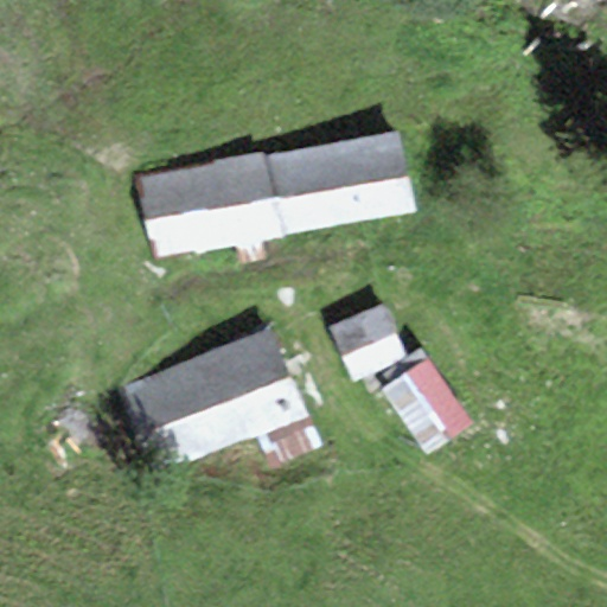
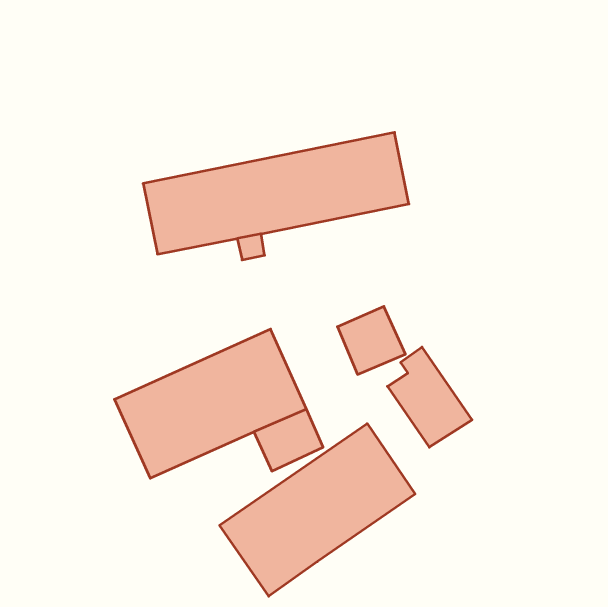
building: none -> [220,424,415,596]

